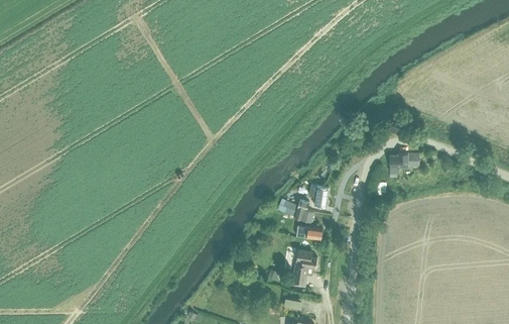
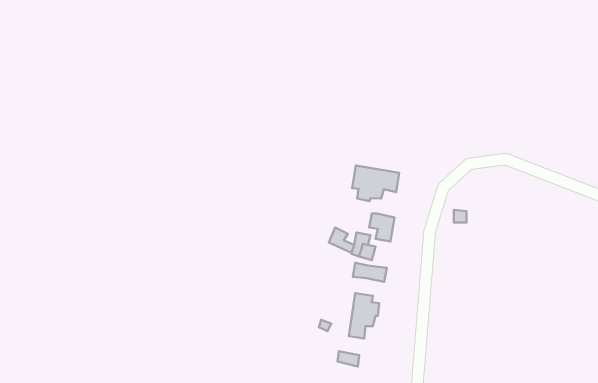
building: none -> [352,166,399,201]
building: [388,152,418,176] -> none

